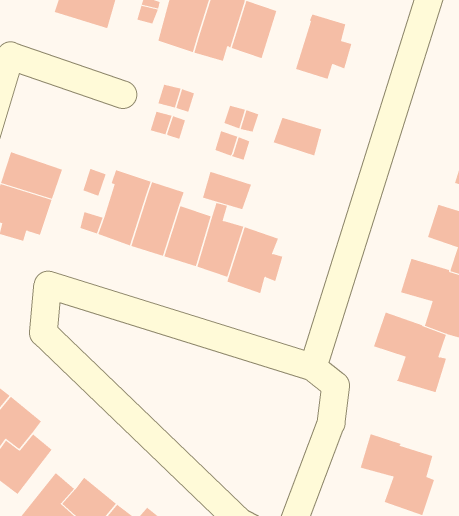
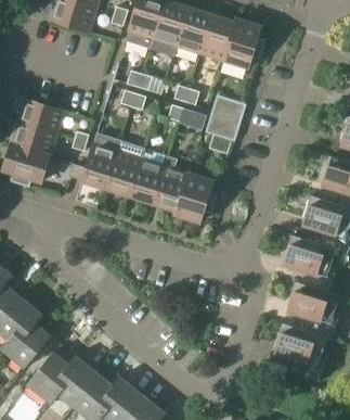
building: none -> [202,17,236,60]
building: none -> [20,97,65,132]
building: [202,171,252,210] -> [204,113,239,141]
building: none -> [285,282,339,342]

